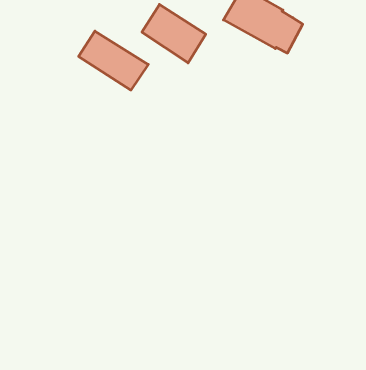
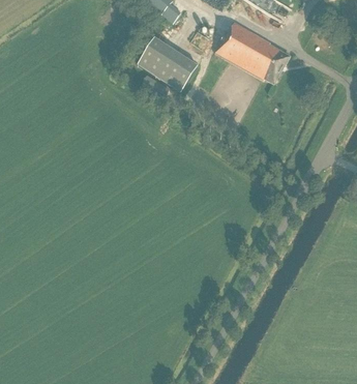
building: [79,31,148,90] -> none

